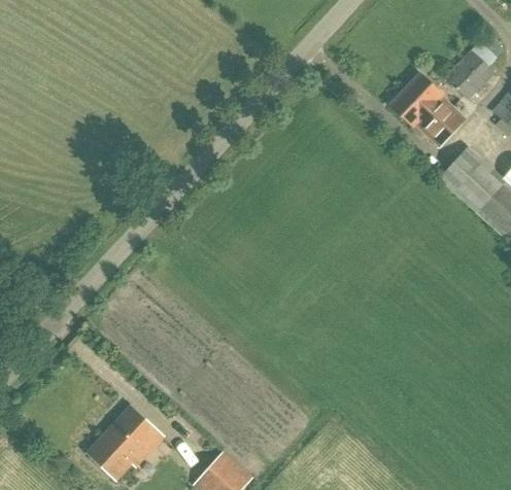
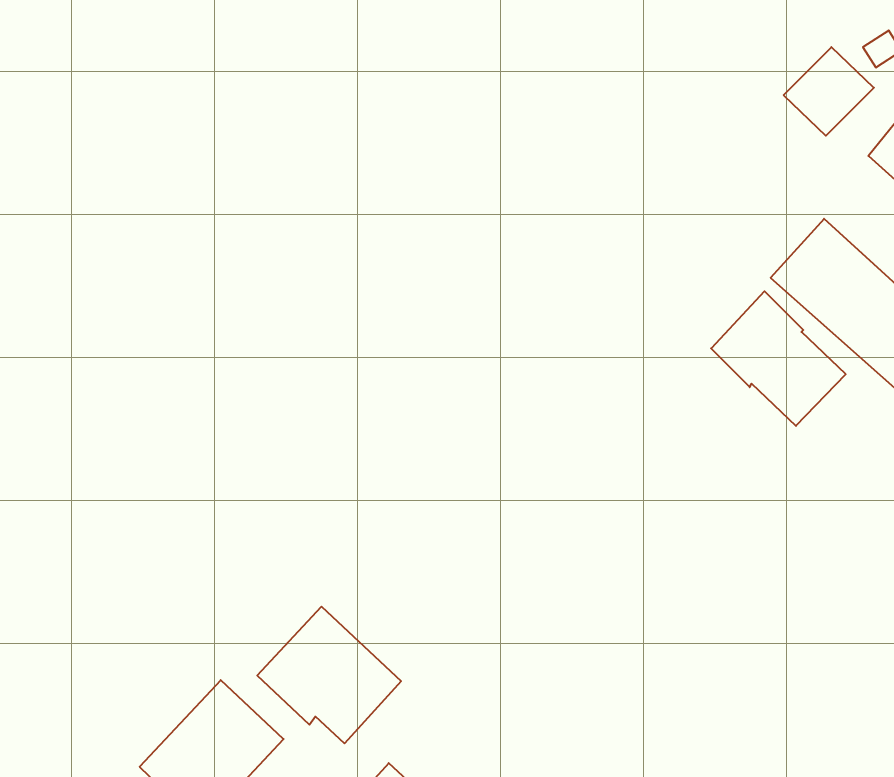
building: [391,72,467,147] -> [711,291,846,426]
building: none -> [257,607,401,743]

